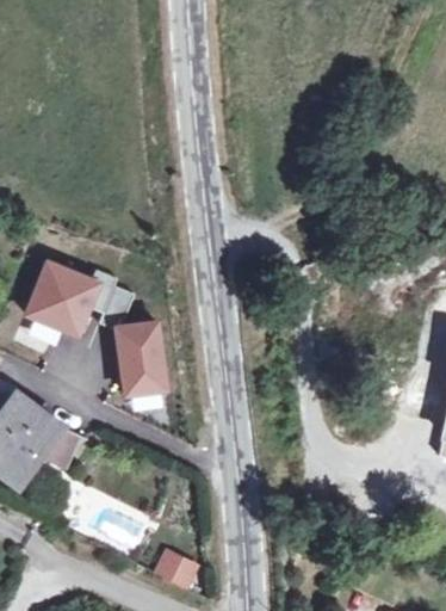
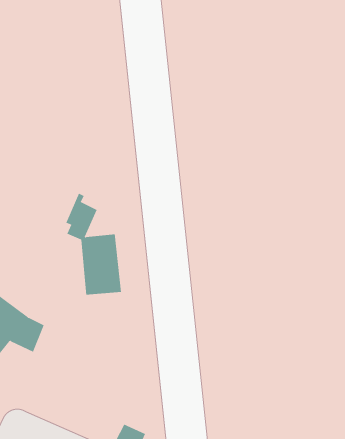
building: [29,263,117,337] -> none

